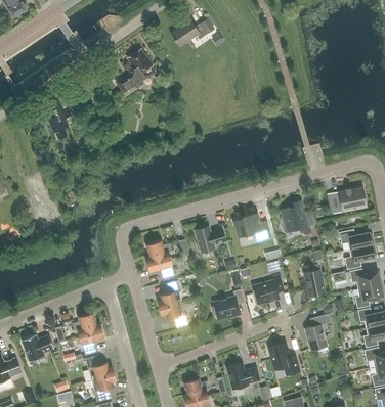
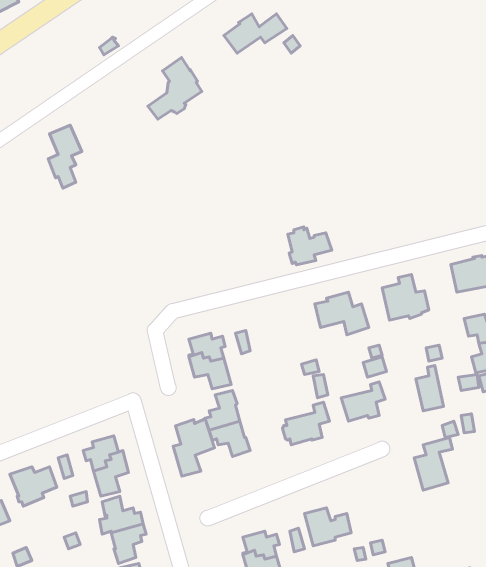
building: [195,225,225,252] -> [288,227,332,265]
building: none -> [173,419,215,476]
building: [268,344,299,375] -> none

